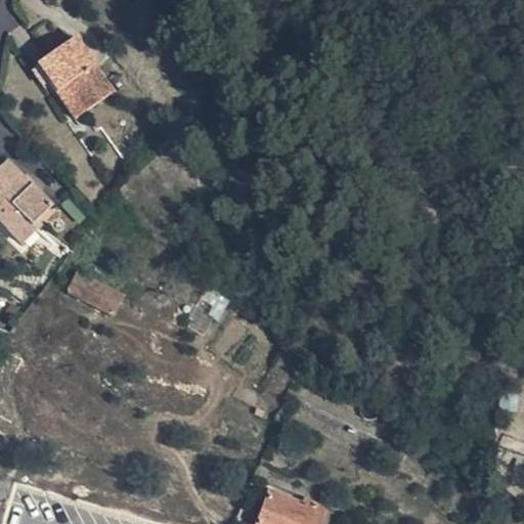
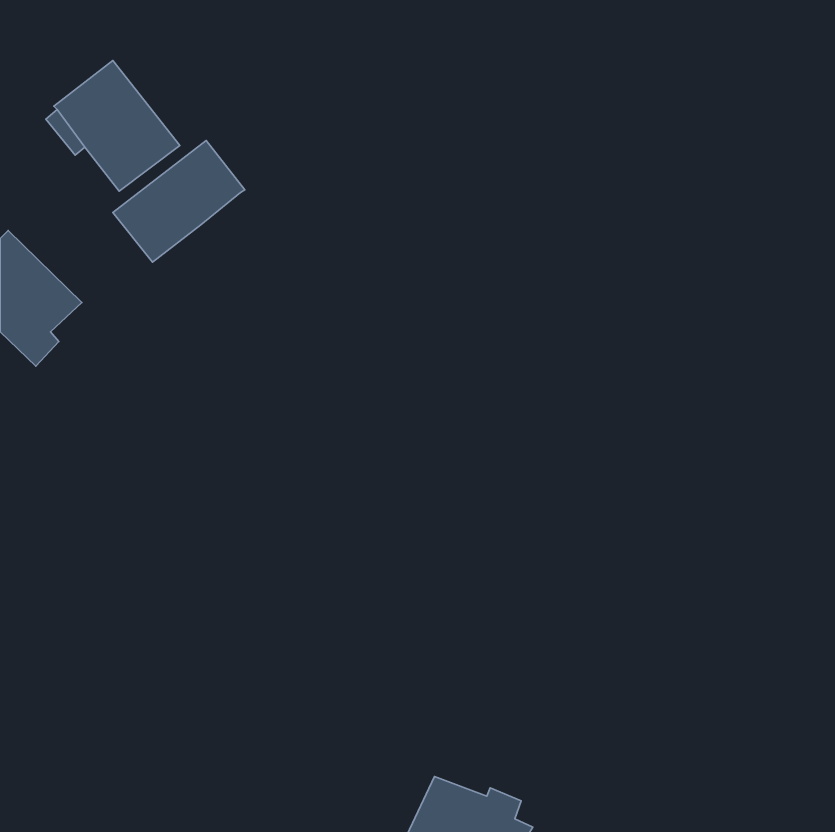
building: none -> [113,140,245,262]
building: [63,272,119,313] -> none

